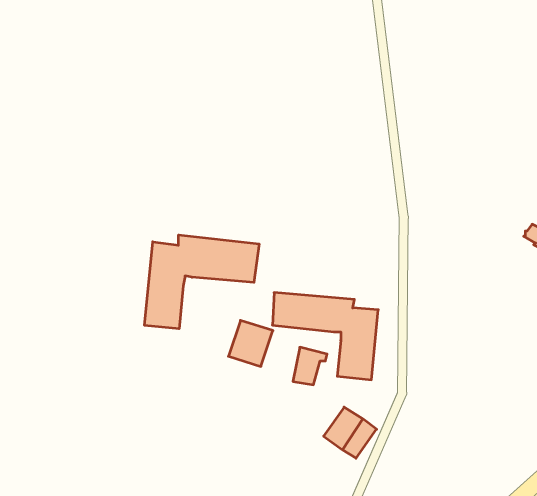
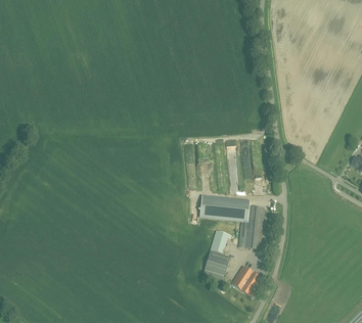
building: [145,235,259,329] -> none
building: [228,320,273,366] -> [202,248,229,276]

